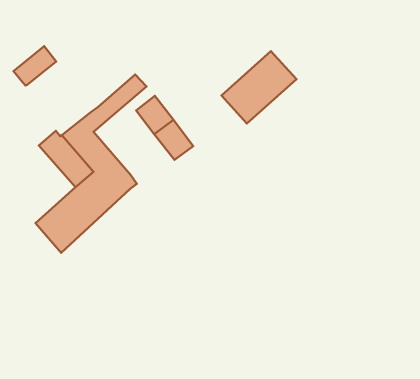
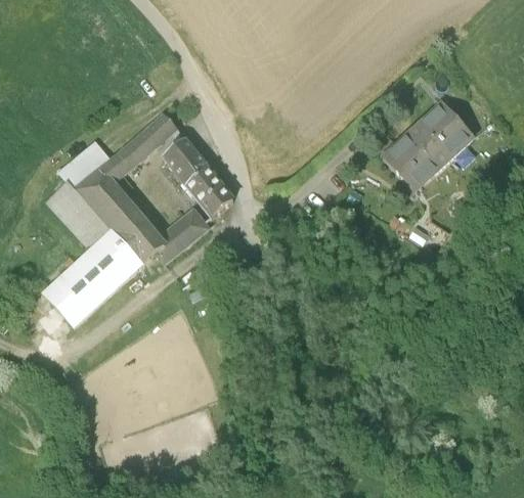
building: [13,46,56,86] -> [59,140,111,187]
building: [221,51,296,124] -> [384,103,474,190]
building: none -> [158,207,210,261]

